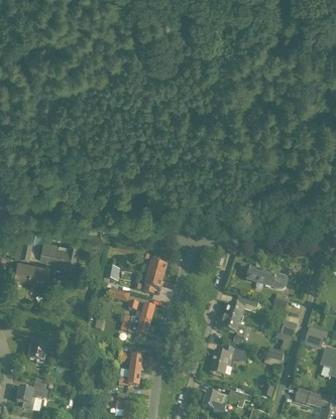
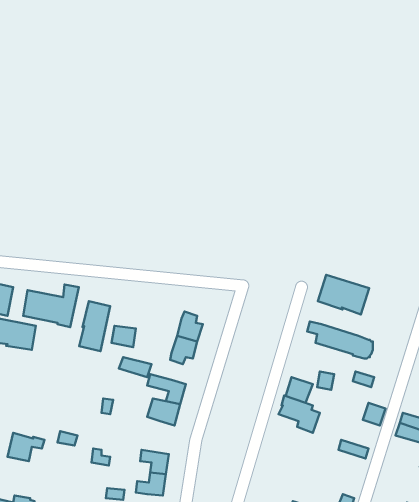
building: none -> [318,275,369,314]
building: none -> [79,301,110,351]
building: [209,345,245,375] -> none

